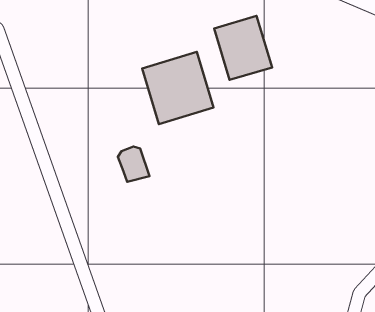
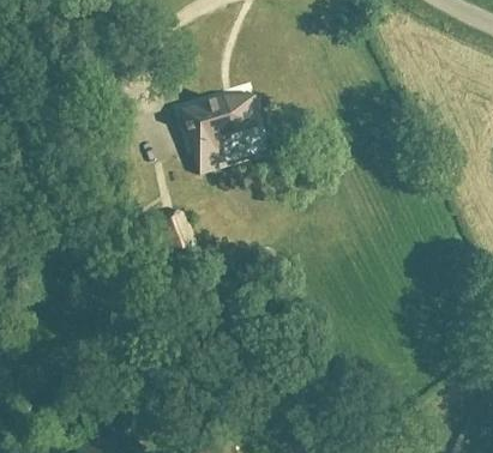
building: [214,16,272,80] -> none

